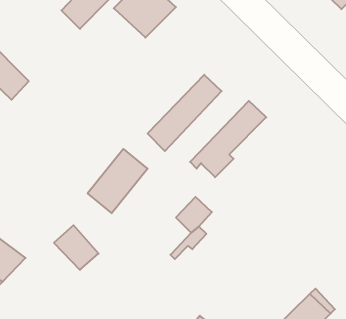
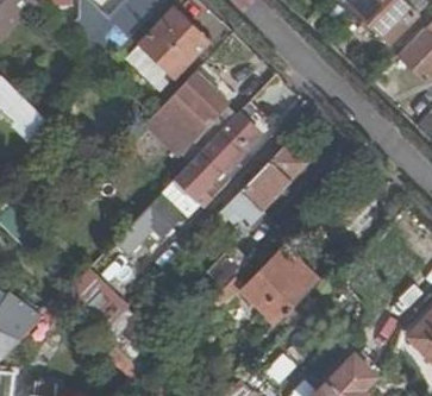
building: none -> [146,70,237,153]
building: none -> [245,250,320,323]

